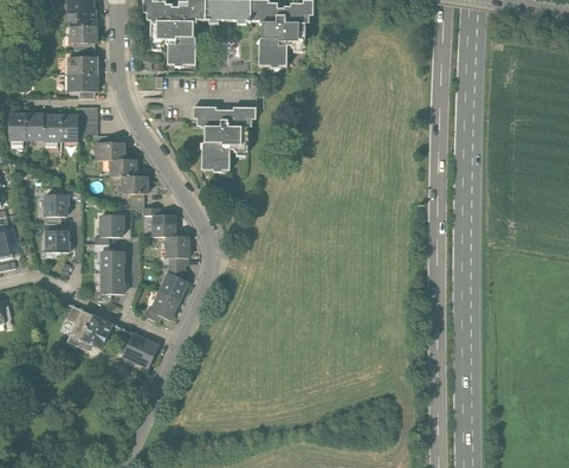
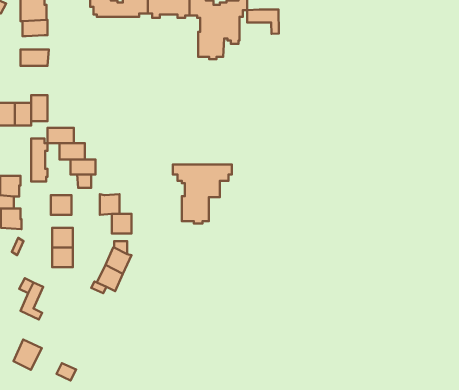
building: none -> [247,10,279,34]
building: [150,21,196,65] -> none
building: [67,75,97,91] -> none
building: [192,108,256,172] -> [173,165,232,223]
building: none -> [31,139,48,181]
building: [82,315,112,348] -> [13,339,42,370]
building: [122,333,159,367] -> none

